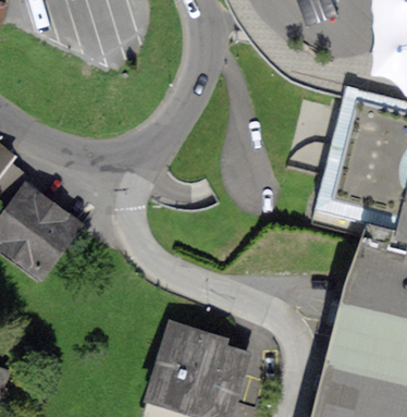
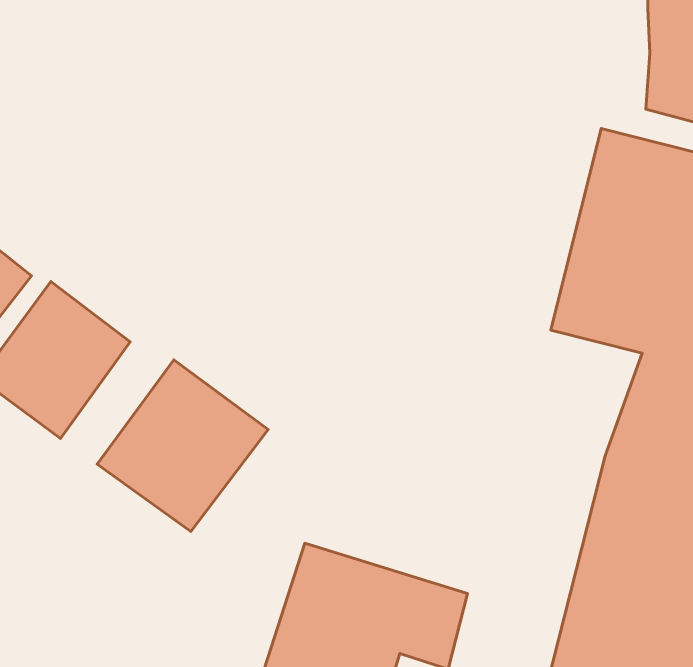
building: none -> [97,360,268,532]

